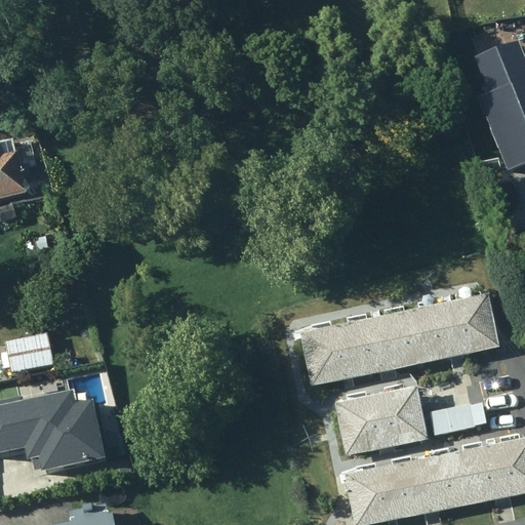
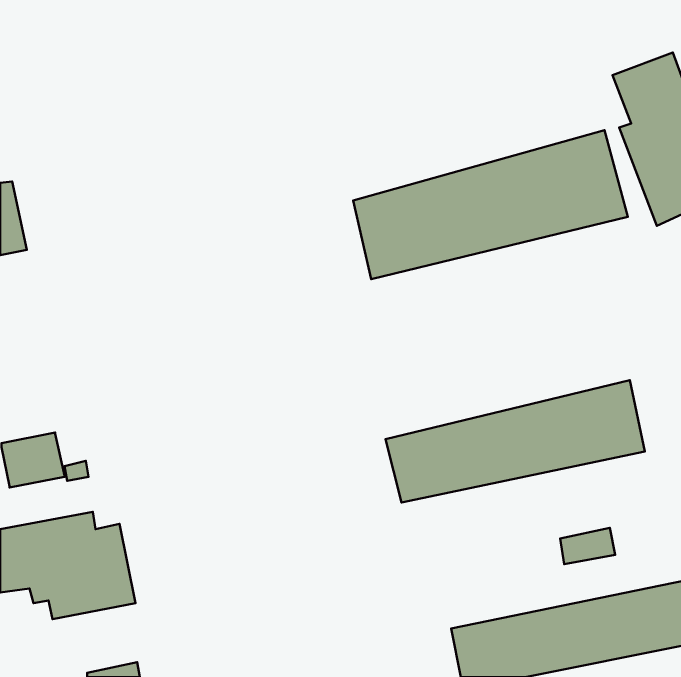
building: none -> [353,130,628,279]
building: [335,389,426,456] -> none

